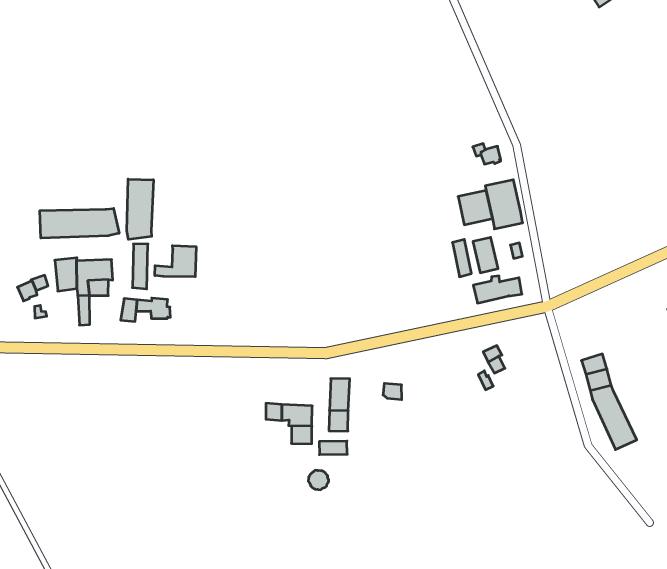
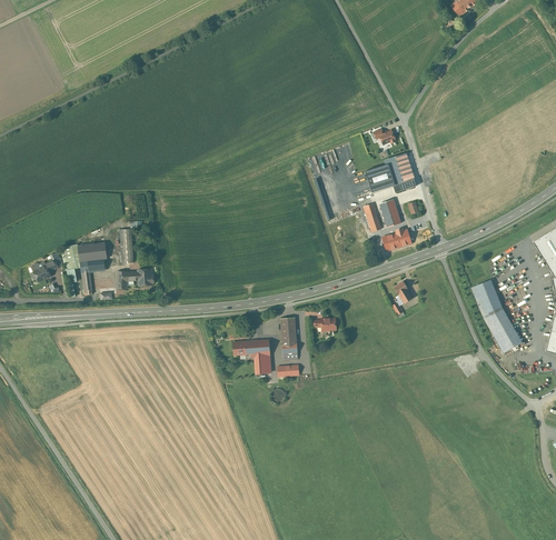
building: [127,179,153,239] -> none
building: [40,208,119,238] -> none
building: [155,246,196,277] -> none

